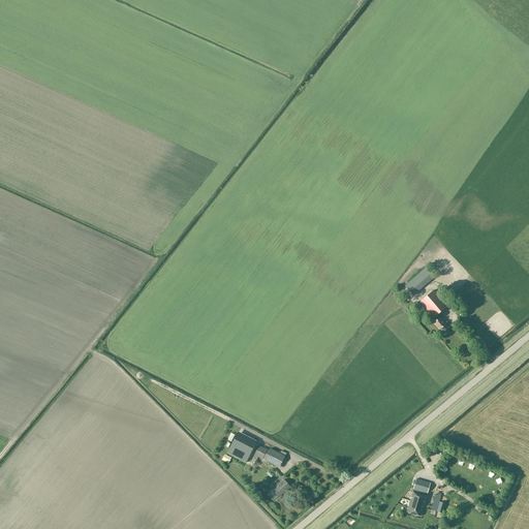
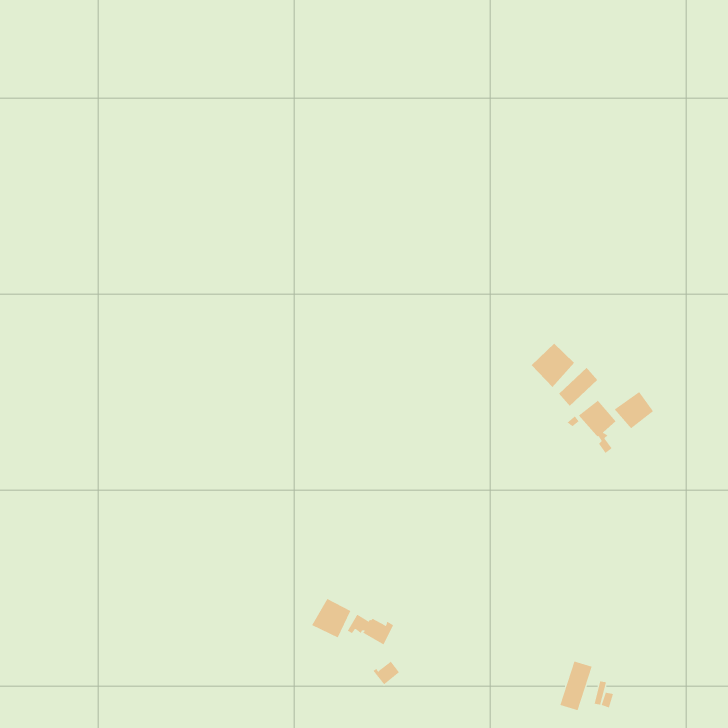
building: none -> [531,343,575,388]
building: none -> [614,391,654,429]

